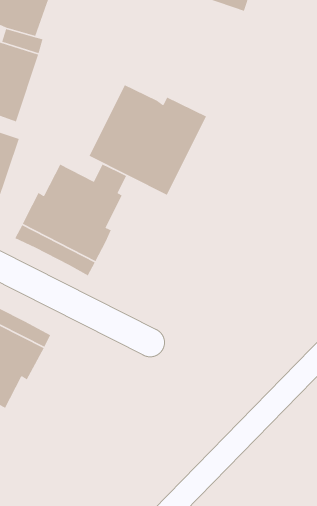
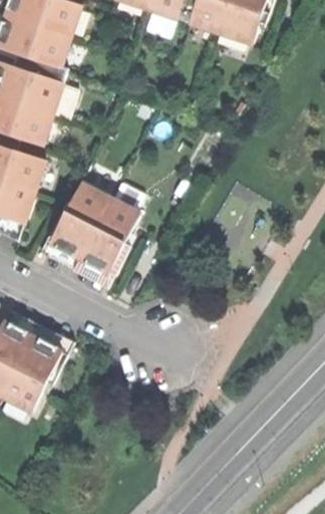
building: [89,84,207,196] -> none

